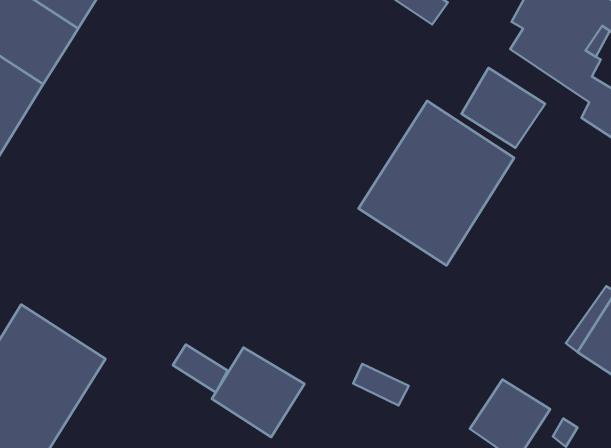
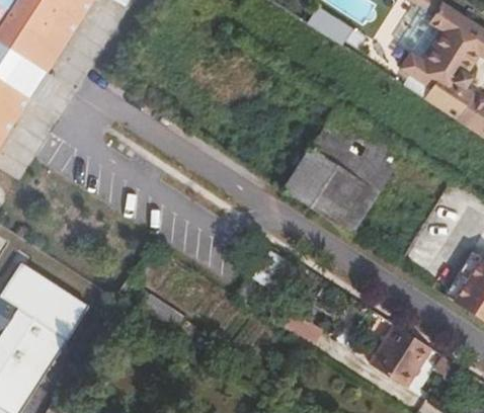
building: [461,68,545,148] -> none
building: [212,348,305,437] -> none

